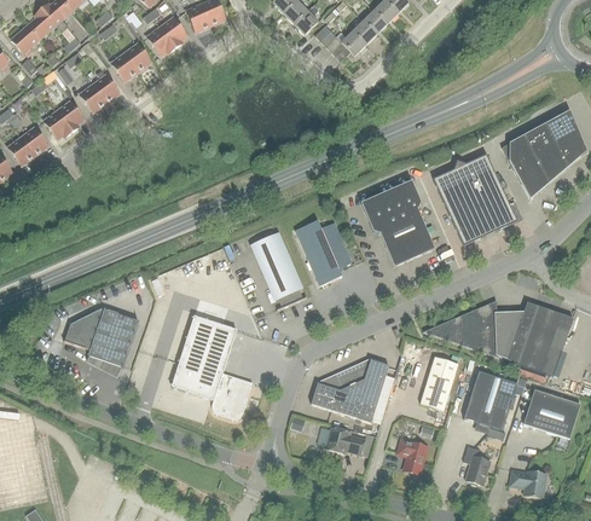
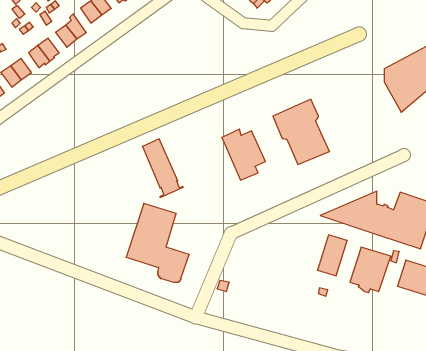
building: [433,154,516,244] -> none
building: [254,233,307,309] -> [142,139,183,197]
building: [63,307,138,374] -> none
building: [311,359,388,422] -> none
building: [325,427,365,453] -> none
building: [398,439,425,473] -> none
building: [463,446,491,485] -> none
building: [509,469,546,498] -> none

